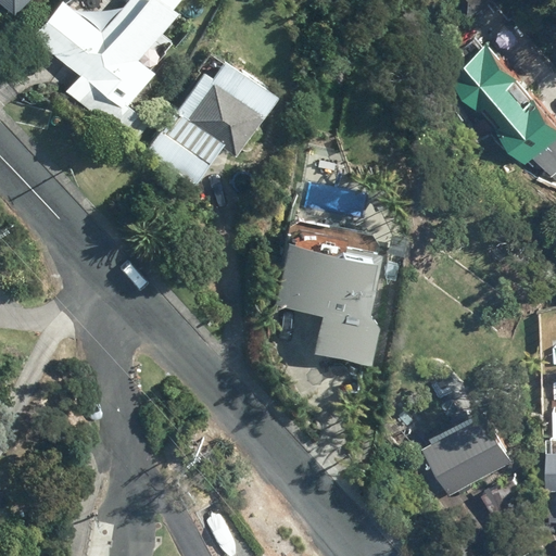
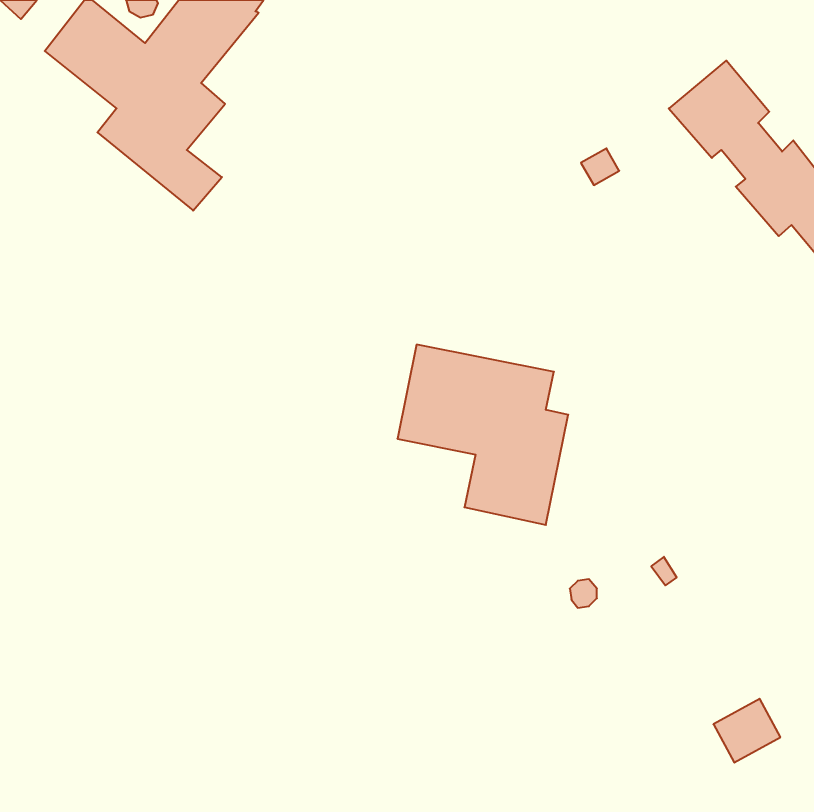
building: [146,61,277,187] -> none
building: [414,414,517,500] -> none

